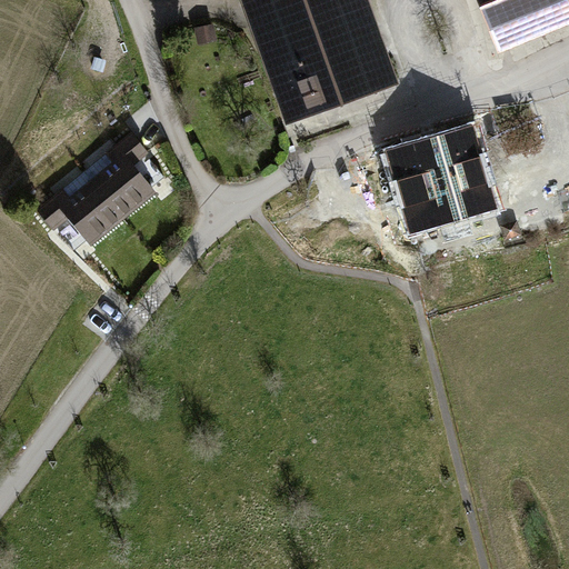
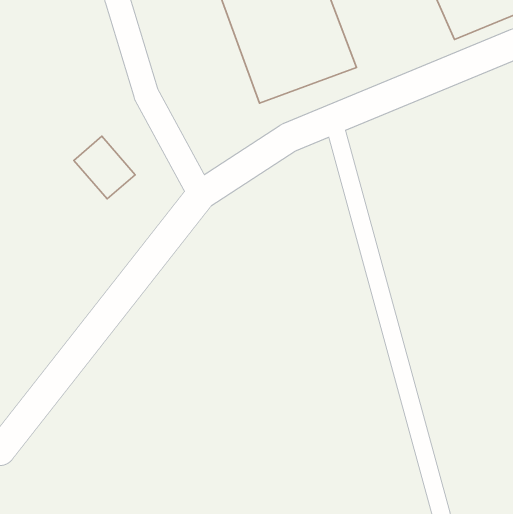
building: [386,121,501,227] -> none
building: [51,177,121,249] -> none

